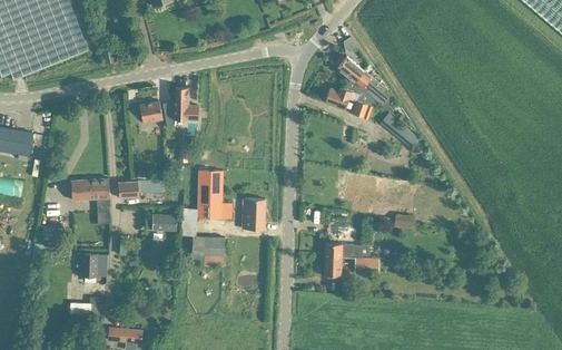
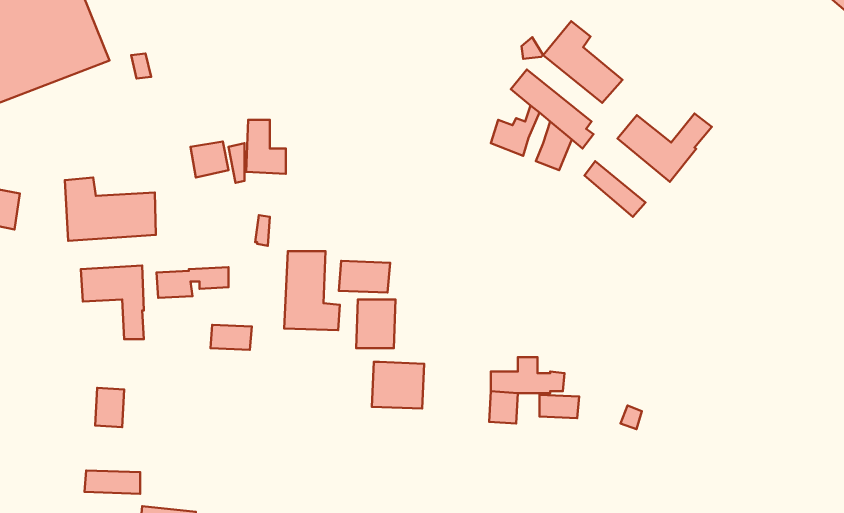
building: none -> [543,21,623,103]
building: none -> [618,114,712,182]
building: none -> [65,178,156,241]
building: none -> [339,261,390,293]
building: [193,235,225,264] -> [372,362,424,409]

